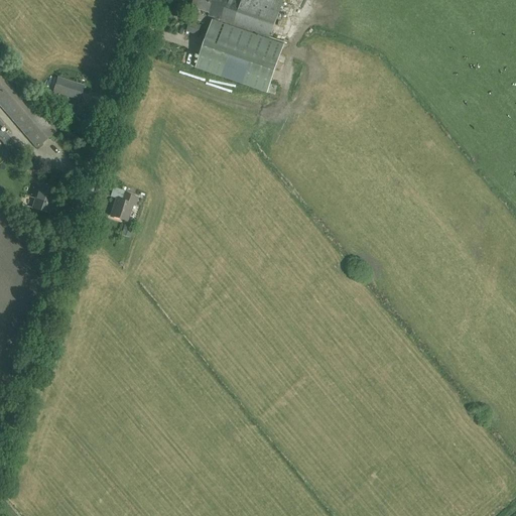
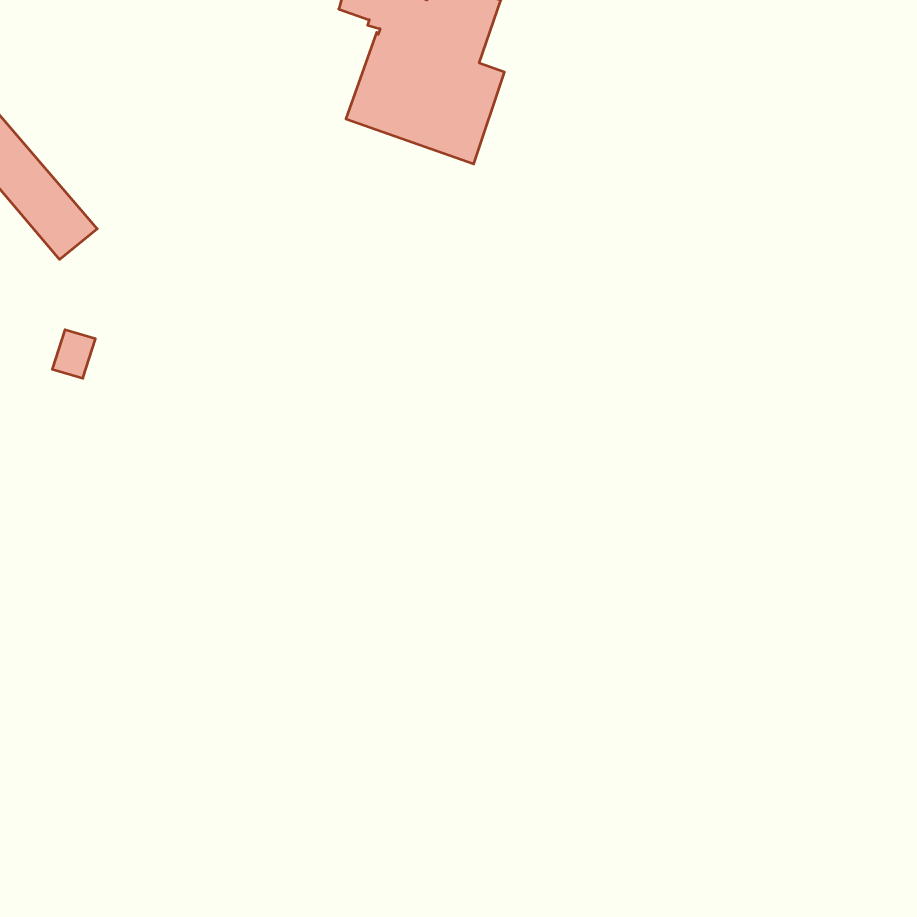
building: [50,76,81,99] -> none
building: [108,191,134,219] -> none

